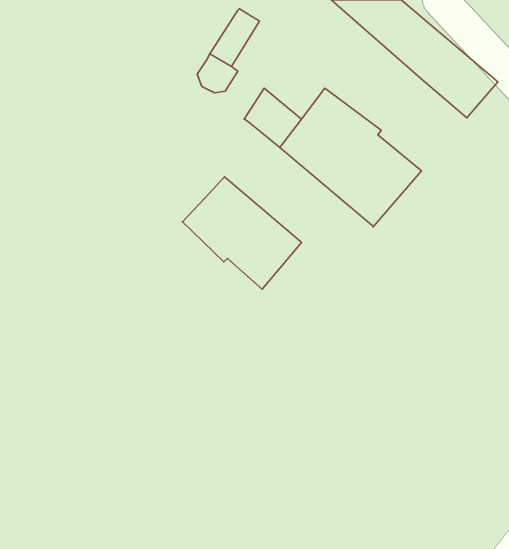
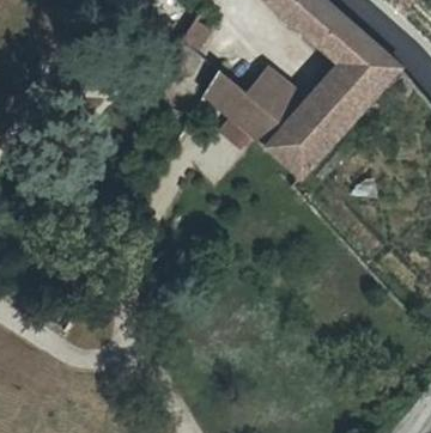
building: none -> [305,65,374,134]
building: [182,177,302,289] -> none

